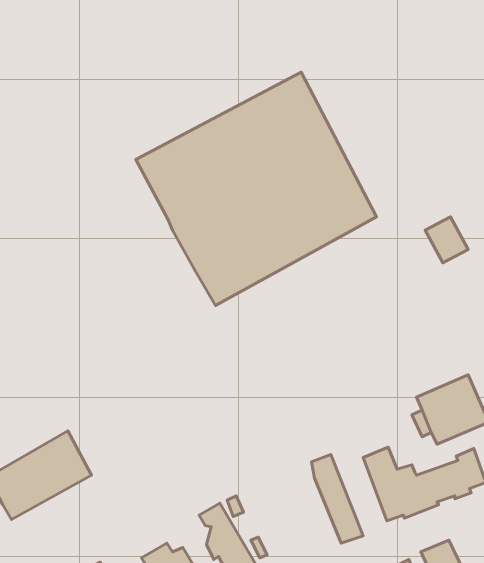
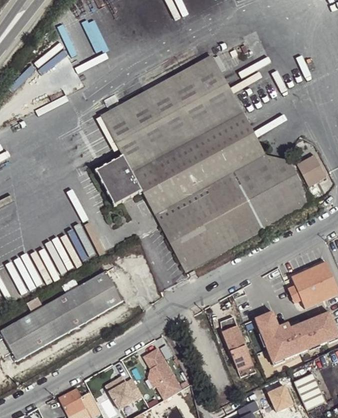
building: none -> [154,154,311,271]
building: none -> [95,156,140,204]
building: none -> [54,270,122,329]

